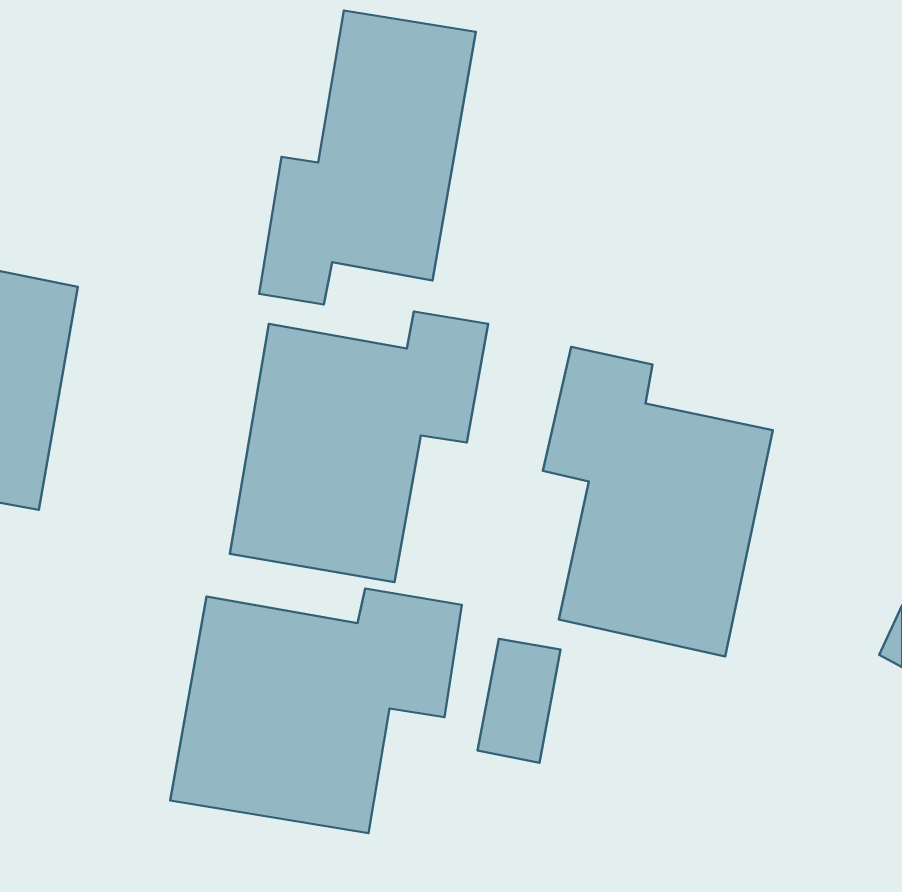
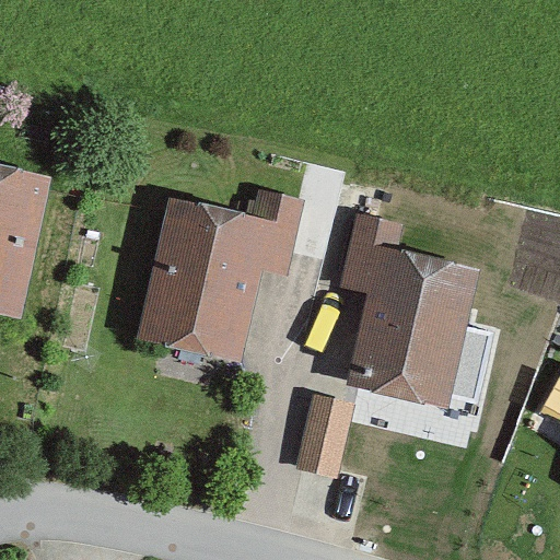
building: [259,10,476,305] -> none
building: [170,588,462,833] -> none

